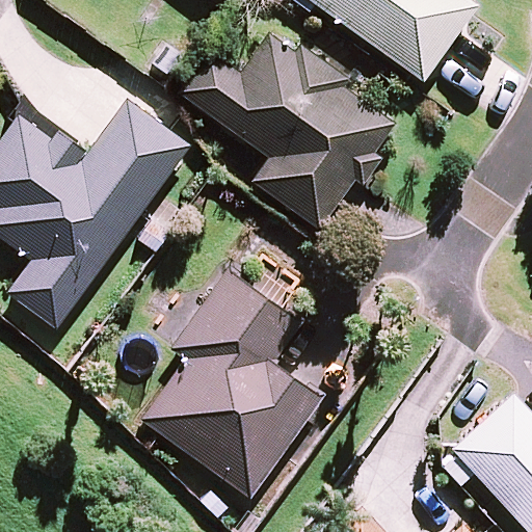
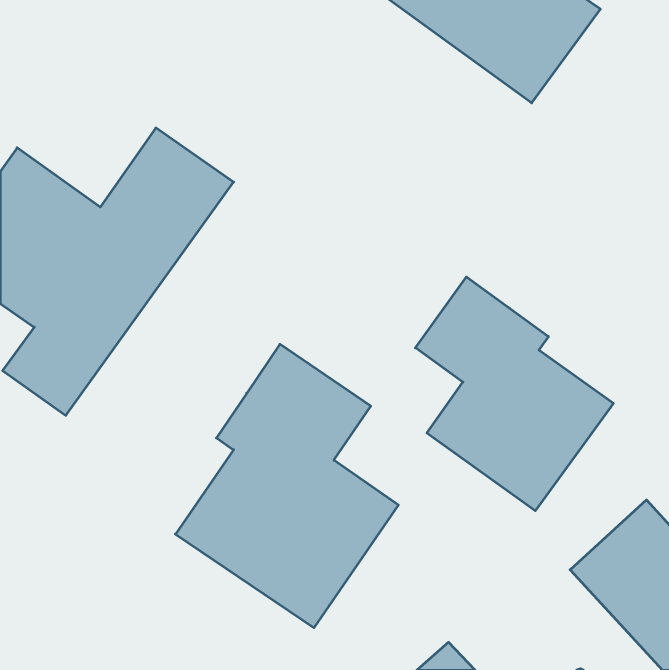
building: [181,32,394,229] -> none
building: none -> [415,277,613,511]

